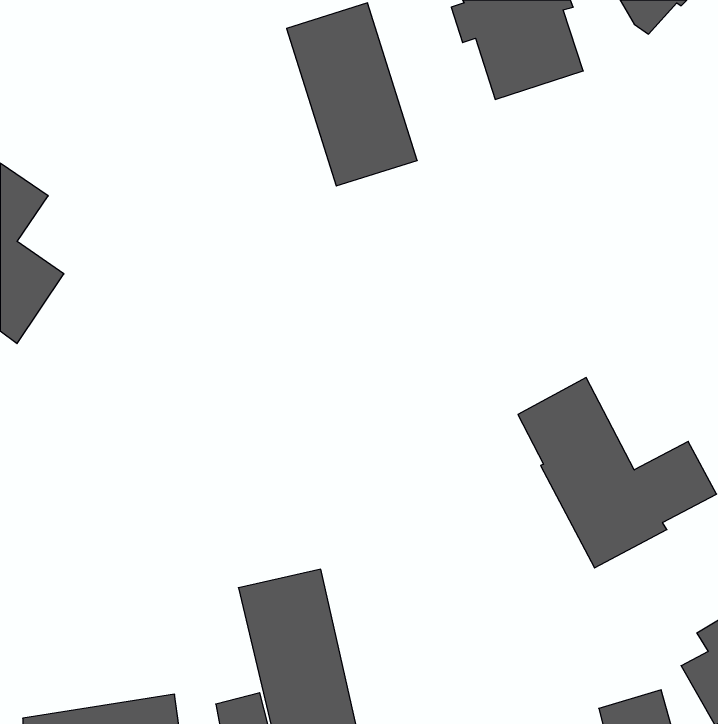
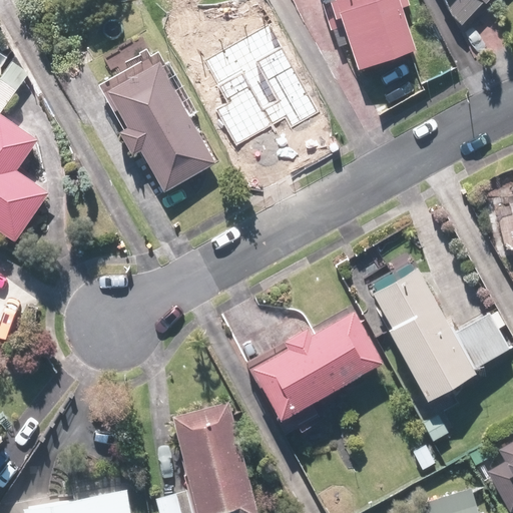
building: none -> [98,52,217,192]
building: none -> [249,312,382,418]

